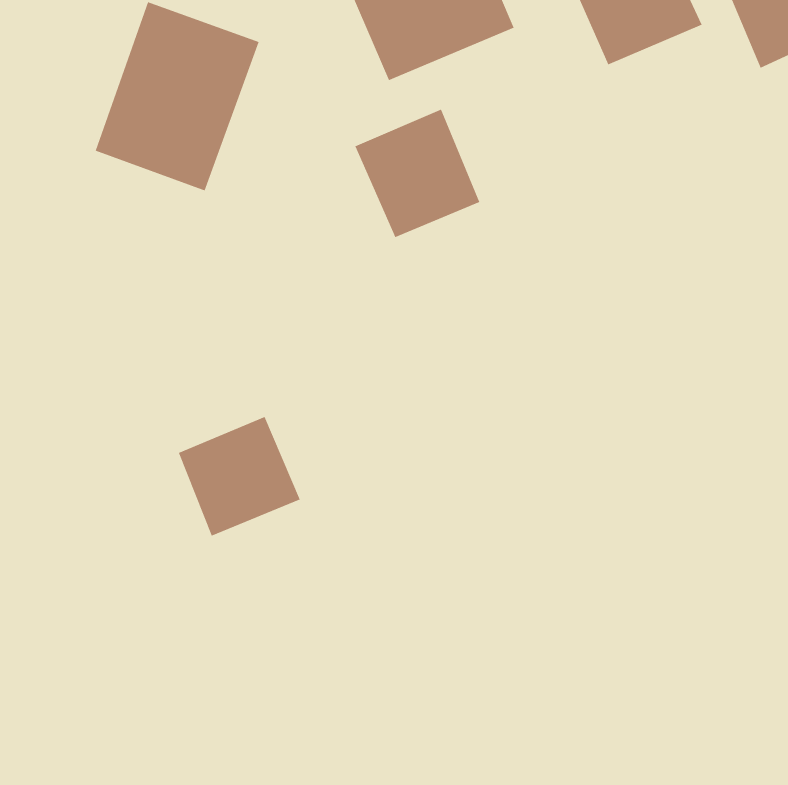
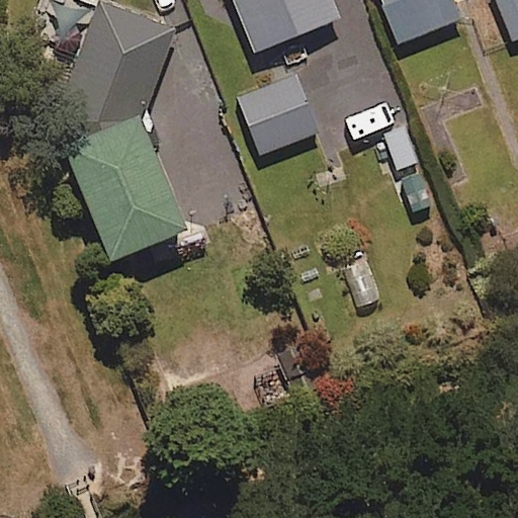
building: none -> [67,123,184,262]
building: [178,416,301,537] -> none

